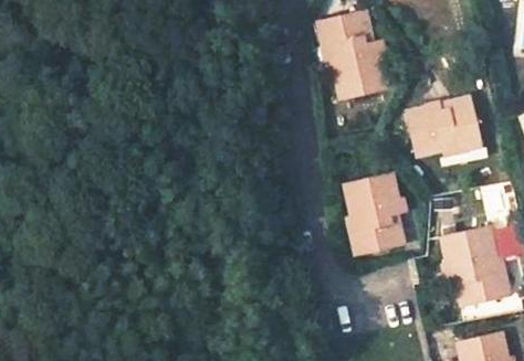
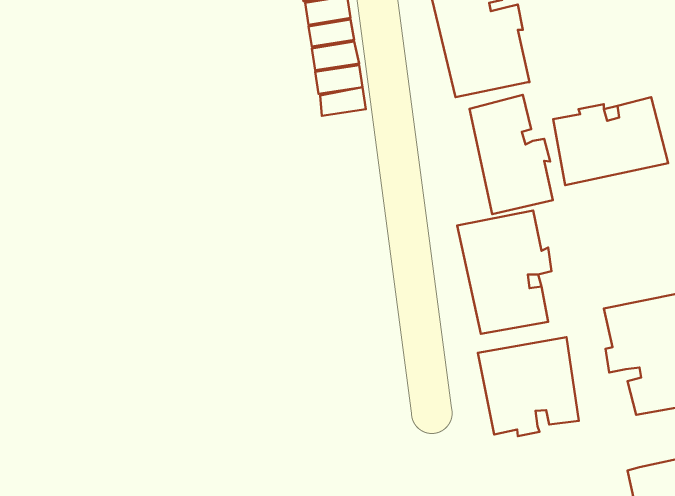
building: none -> [470,95,553,214]
building: none -> [478,337,579,436]

